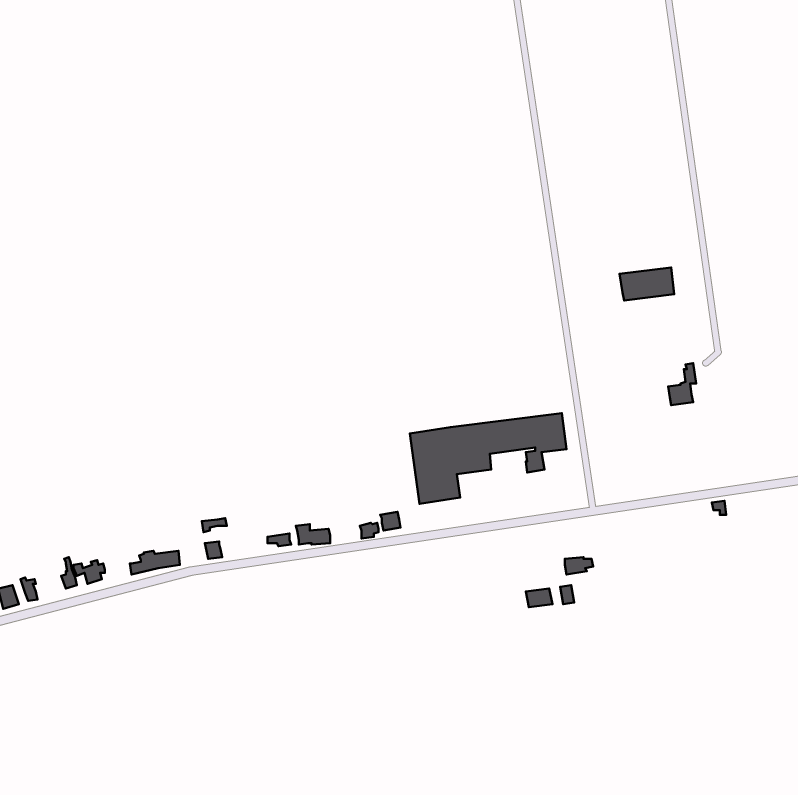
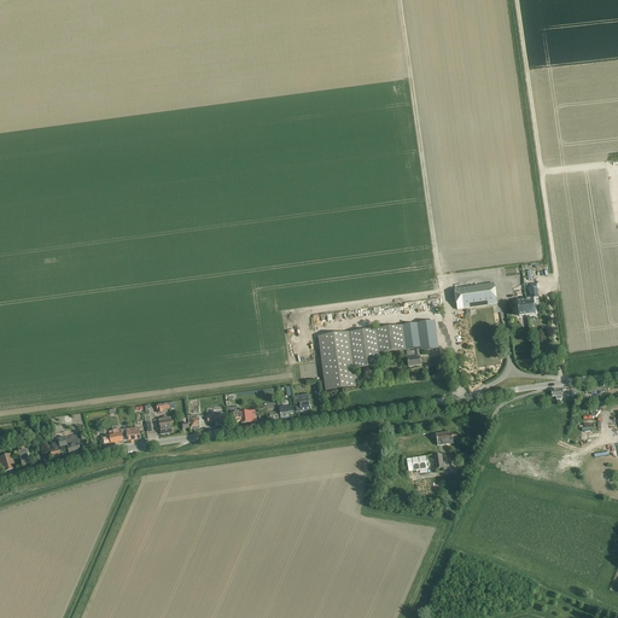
building: [620,268,674,300] -> [453,281,495,307]

